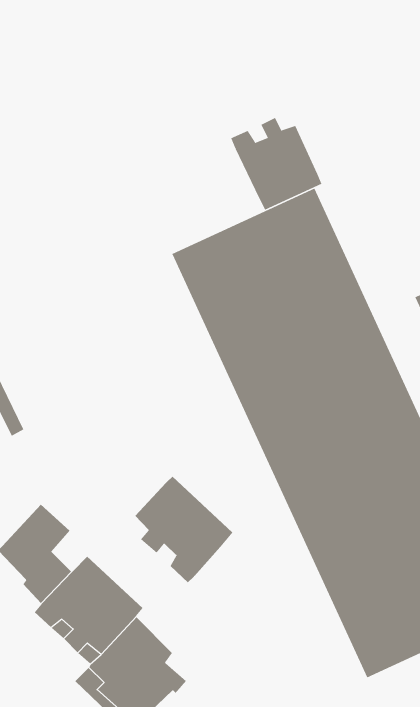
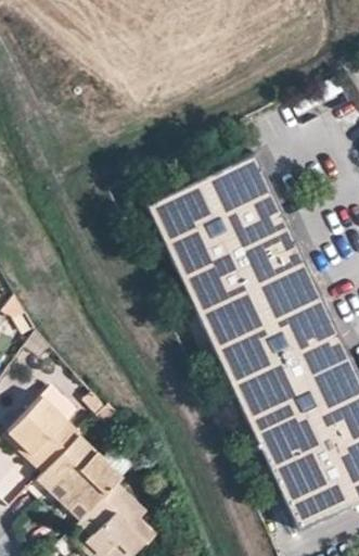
building: [231,117,322,211] -> none
building: [135,476,233,583] -> none

